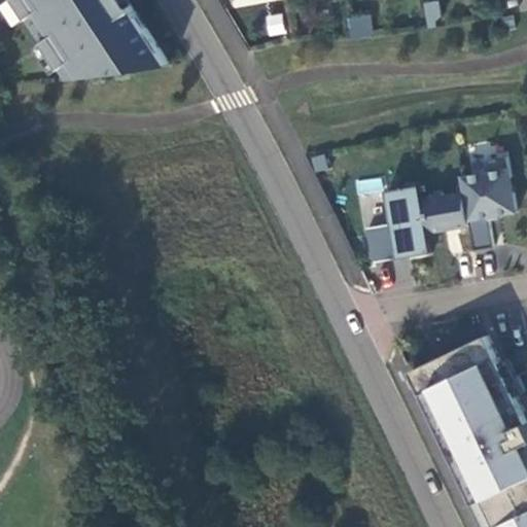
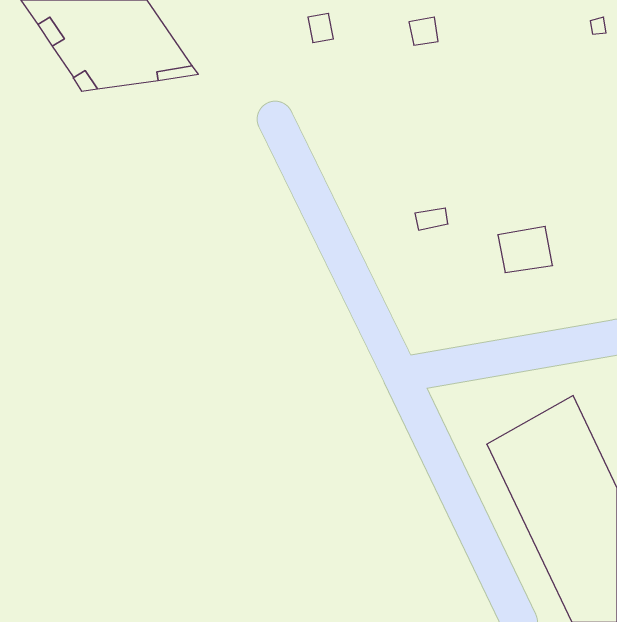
building: [458,156,514,249] -> none
building: [364,183,430,261] -> none

